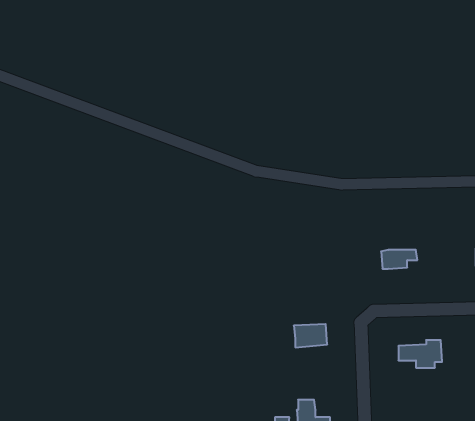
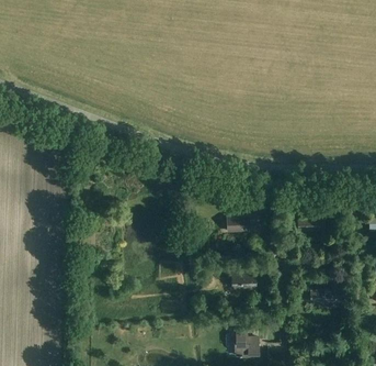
building: none -> [228,208,258,232]

